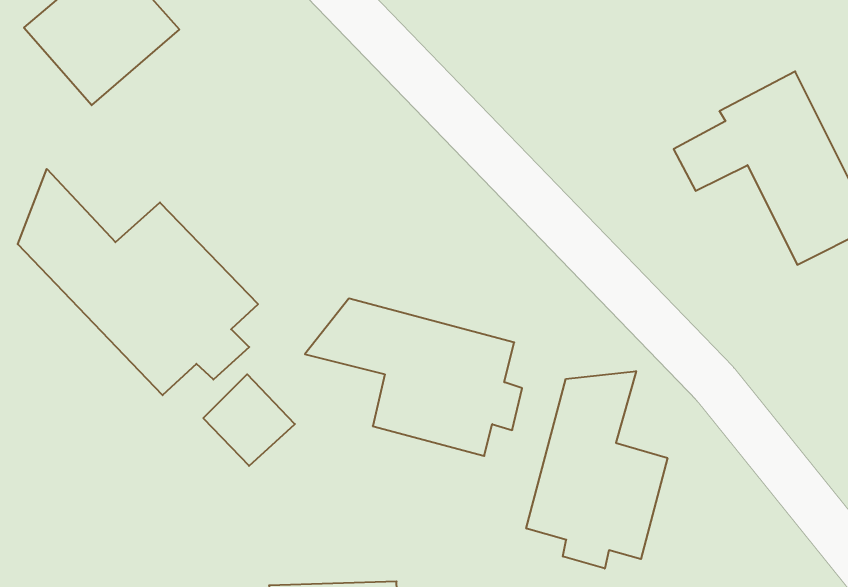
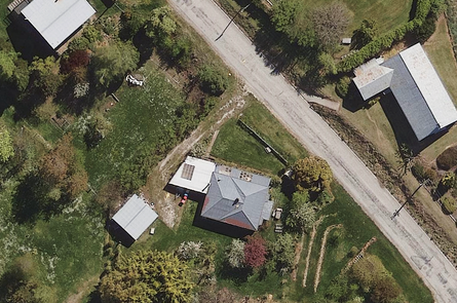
building: [18,169,258,395] -> none
building: [526,371,667,569] -> none

